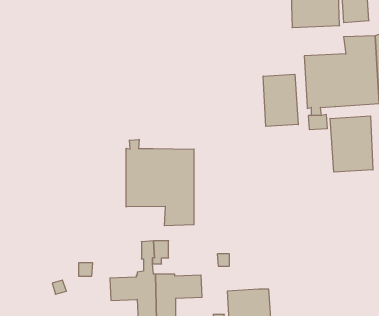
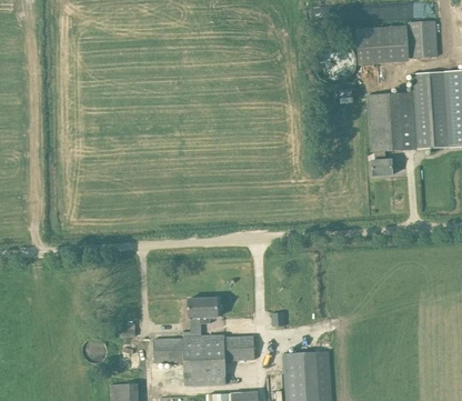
building: [263,74,298,126] -> none
building: [330,116,373,172] -> none
building: [126,139,194,226] -> none

